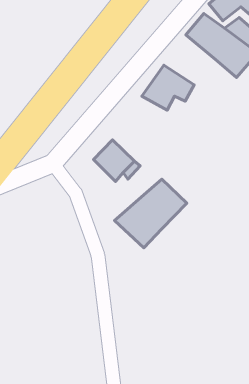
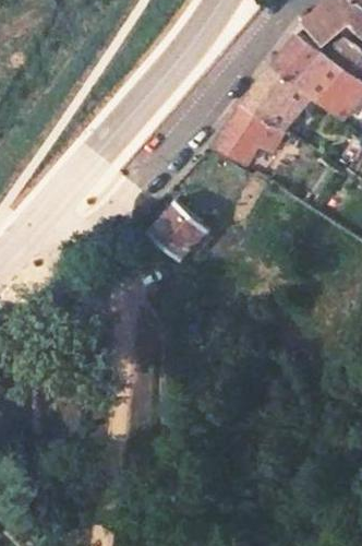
building: none -> [242,64,311,131]
building: [115,179,187,248] -> none

